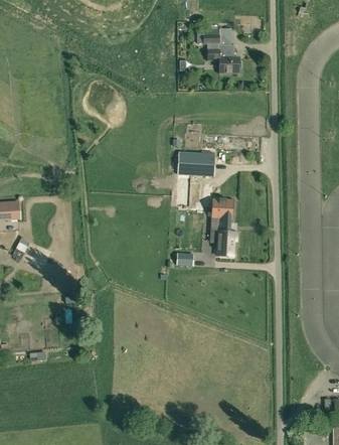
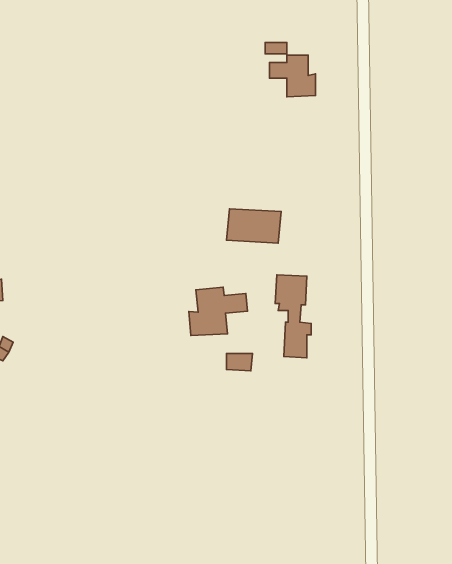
building: none -> [189,287,247,336]

